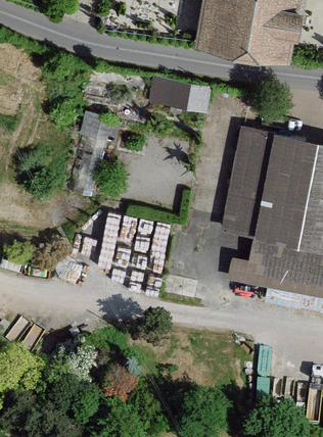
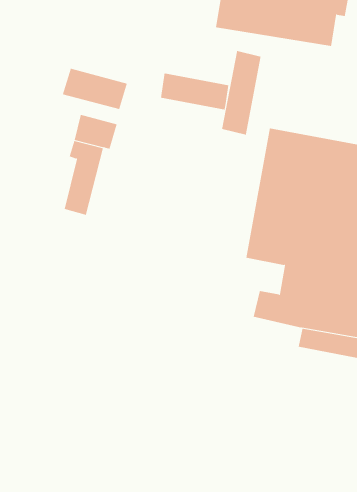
building: none -> [222,50,261,135]
building: none -> [62,68,128,110]

